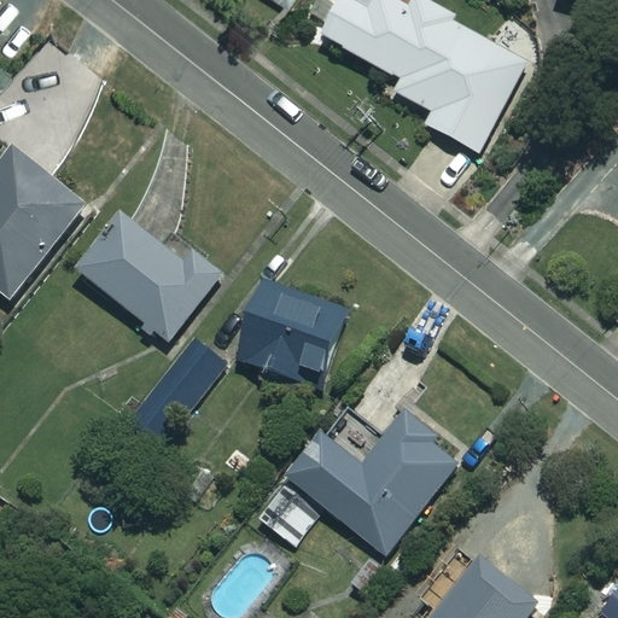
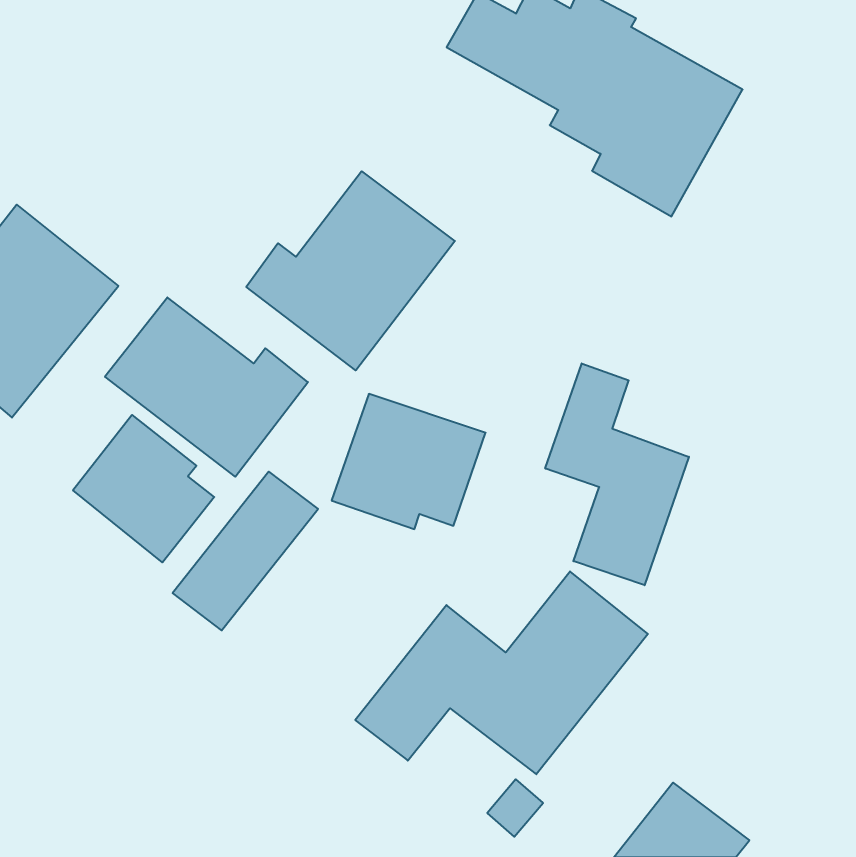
building: none -> [246,171,455,370]
building: none -> [545,363,689,585]
building: none -> [73,415,214,562]

